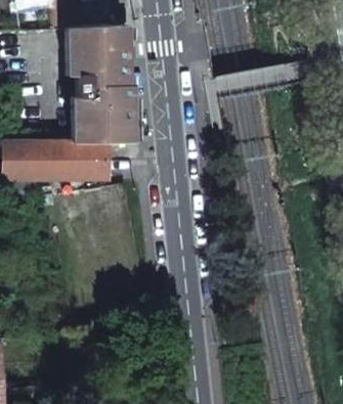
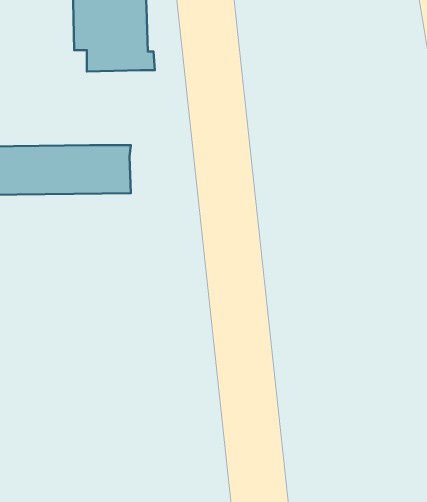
building: [78,88,127,142] -> none

